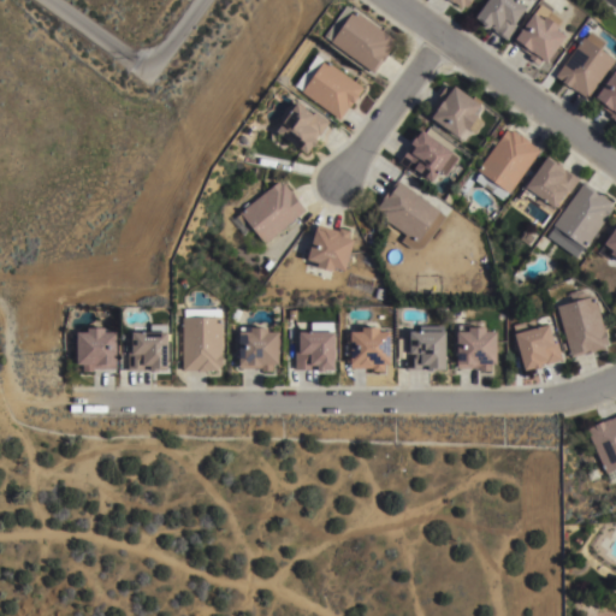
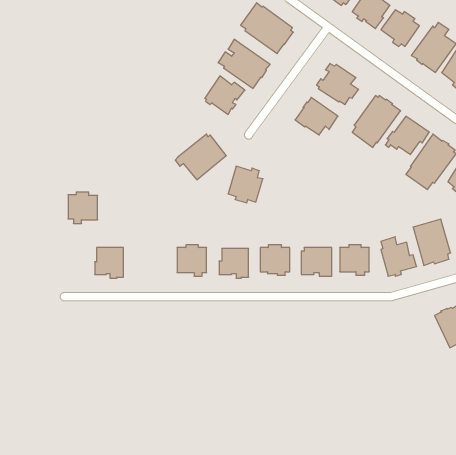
building: [377,178,445,248] -> none
building: [183,316,223,372] -> none
building: [76,330,116,372] -> [68,192,98,223]

